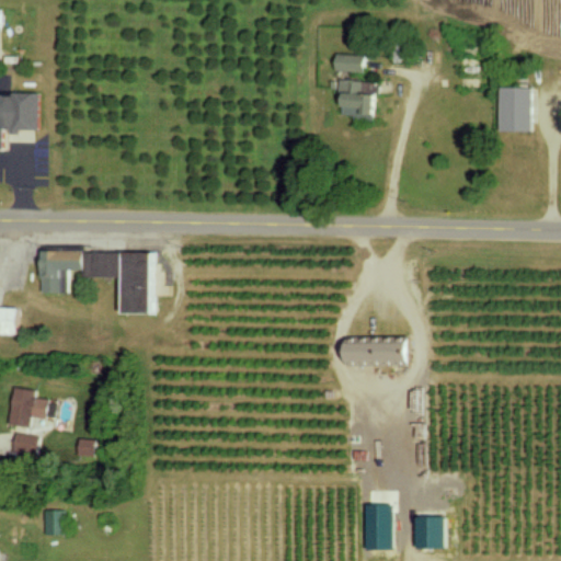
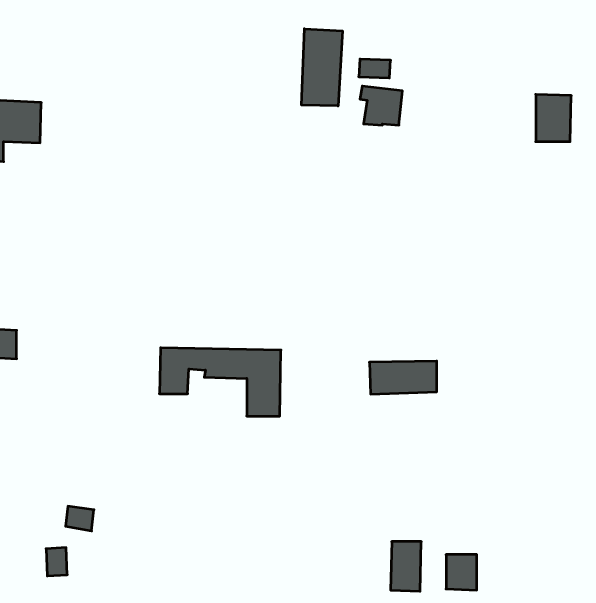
building: none -> [302,29,342,106]
building: [39,249,152,312] -> [159,348,281,416]
building: [7,387,48,427] -> none
building: [11,433,37,456] -> [66,506,94,531]

